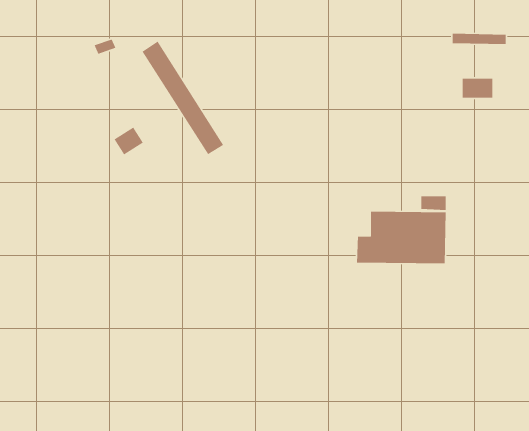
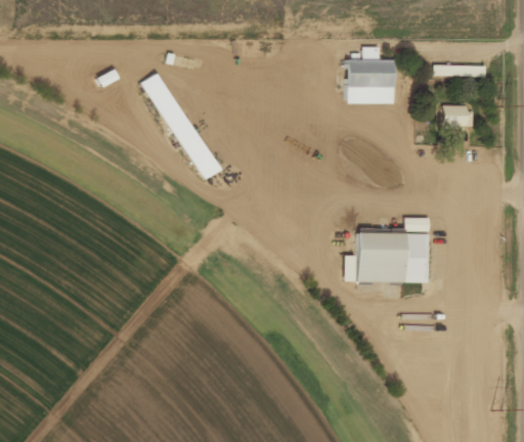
building: none -> [347,46,393,102]
building: [113,126,144,156] -> none

